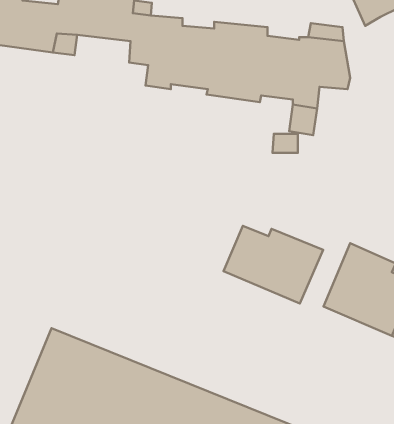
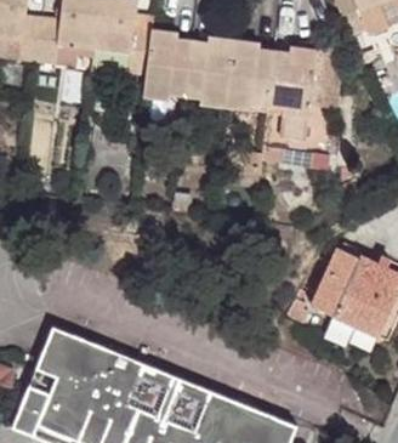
building: [224,226,323,304] -> none

